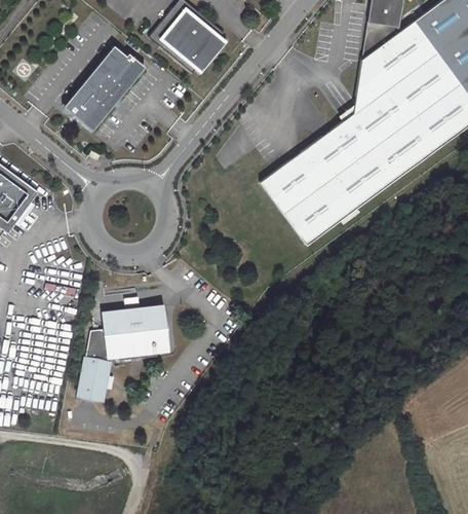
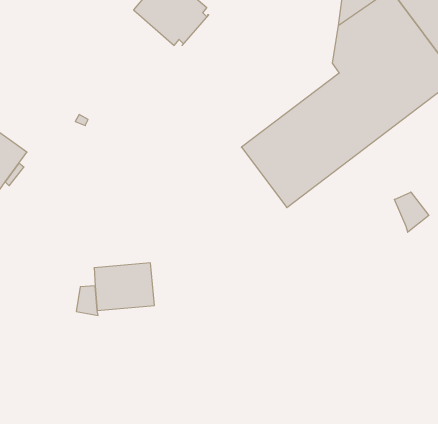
building: [69,47,143,127] -> none
building: none -> [394,192,429,232]
building: [80,355,111,399] -> none

